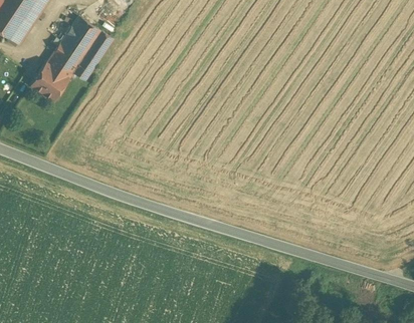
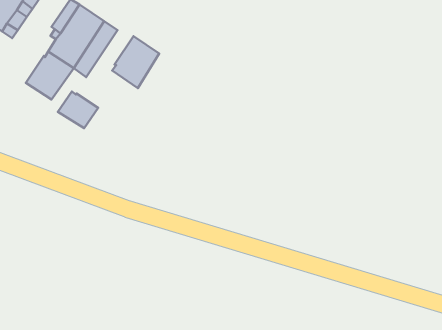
building: none -> [112,36,159,88]
building: none -> [58,91,98,128]

